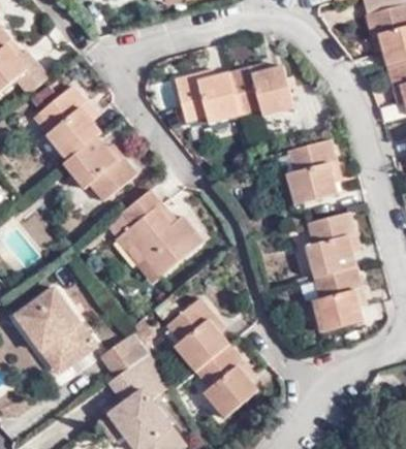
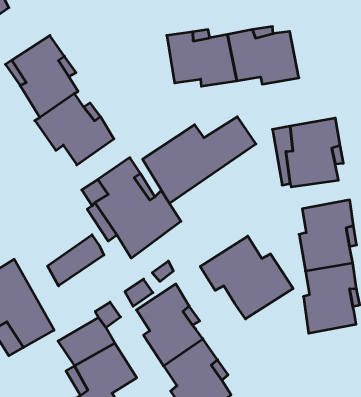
building: none -> [143,117,256,203]
building: none -> [200,236,293,319]
building: none -> [48,235,104,286]

